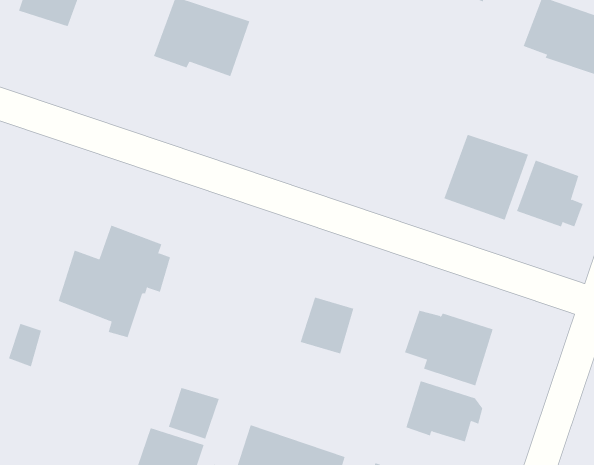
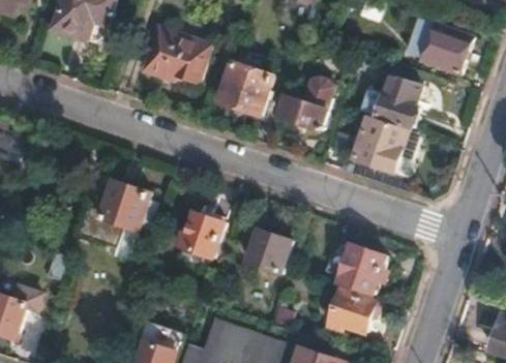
building: none -> [218,62,273,116]
building: none -> [277,93,331,130]
building: [516,160,584,227] -> [376,80,423,127]
building: none -> [179,213,224,258]
building: [168,387,219,440] -> none

